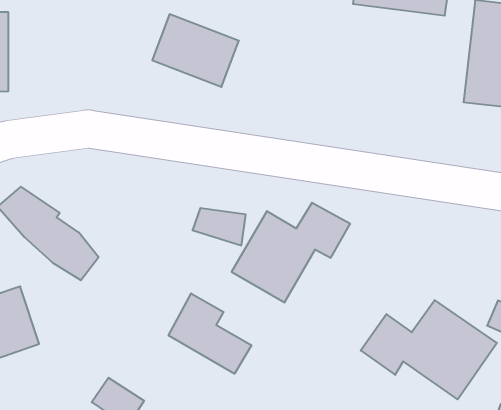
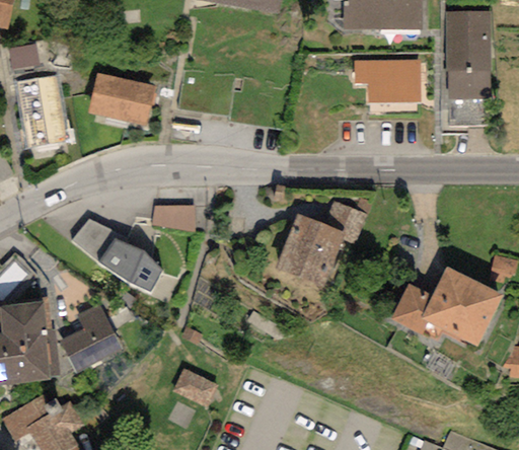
building: [152,14,239,87] -> [86,72,156,127]
building: none -> [354,61,420,103]
building: [192,208,246,245] -> [151,205,194,231]
building: [169,293,251,374] -> none

